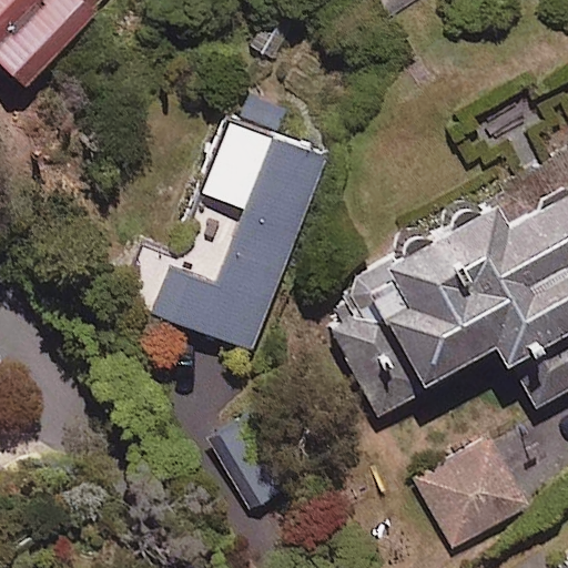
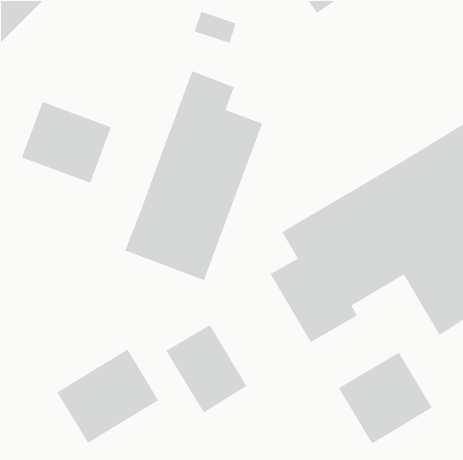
building: none -> [21,101,112,184]
building: none -> [56,349,159,444]

